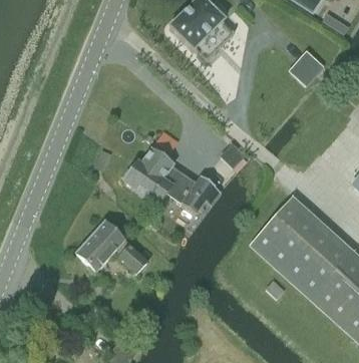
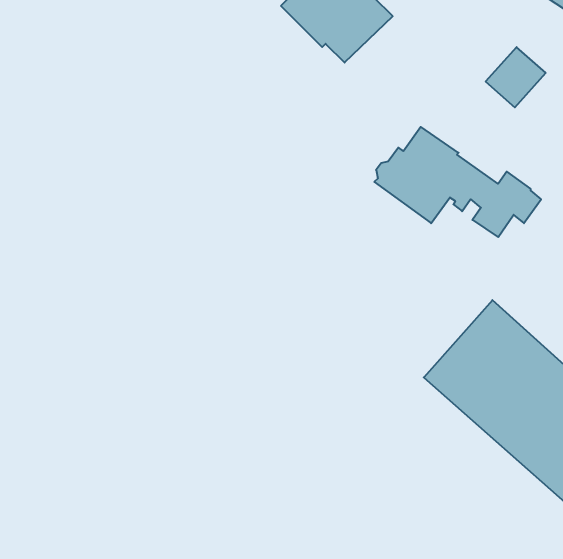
building: [123,149,221,214] -> [374,127,541,237]
building: [75,221,146,272] -> none

